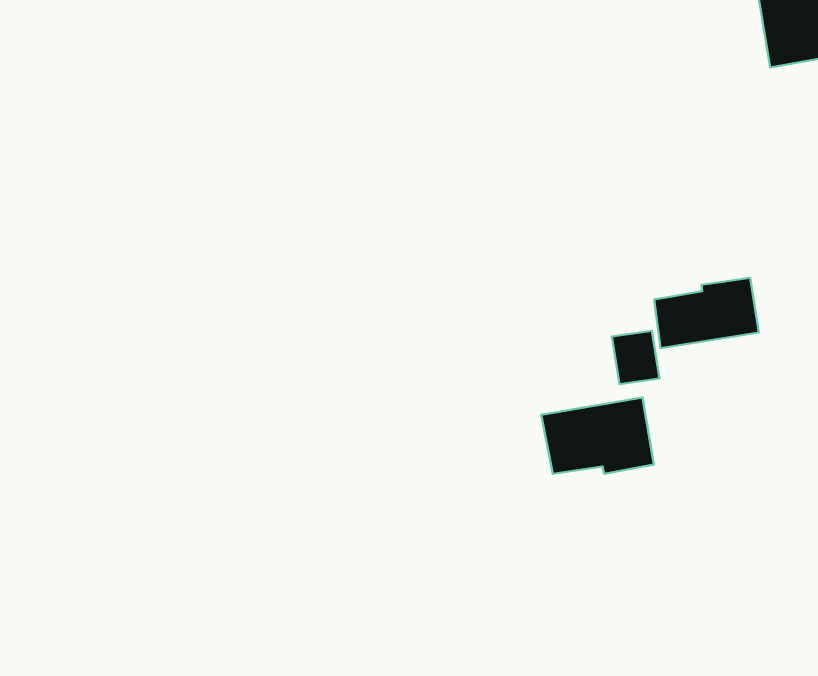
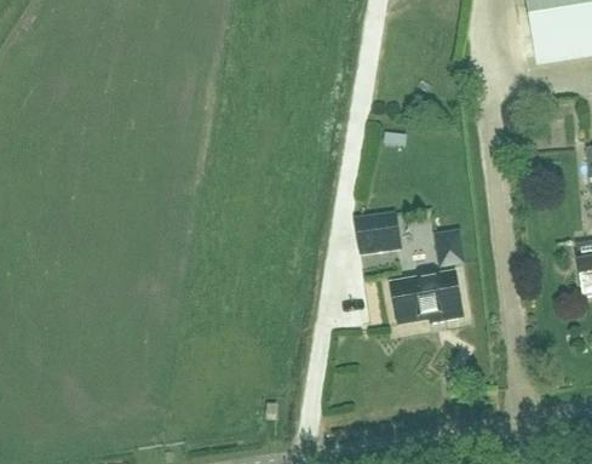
building: [654,278,759,348] -> none
building: none -> [355,211,401,252]

